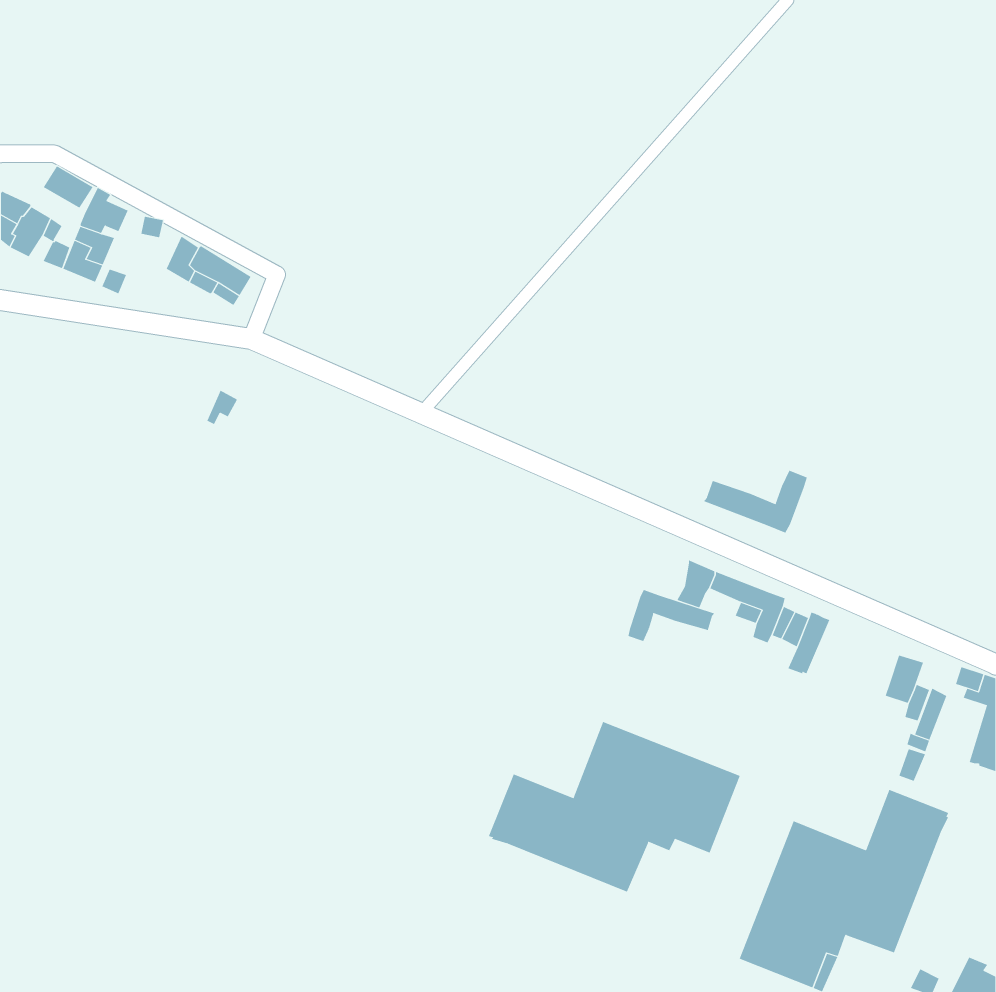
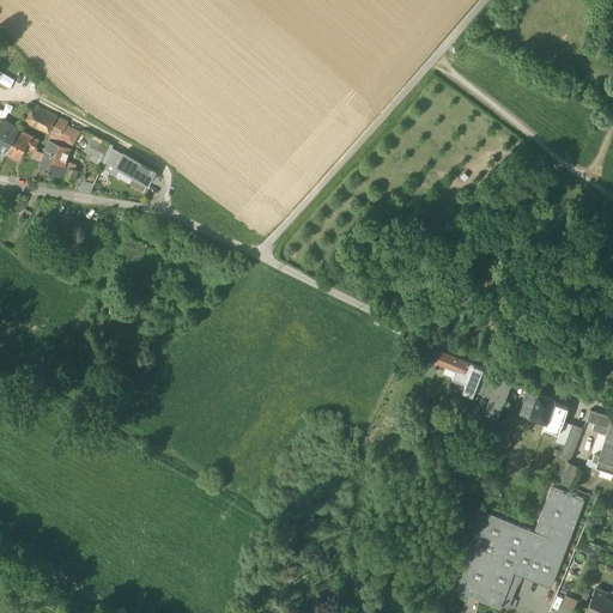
building: [703,470,807,533] -> none
building: [628,589,715,642] -> none
building: none -> [520,389,554,423]
building: [488,721,741,892] -> none

